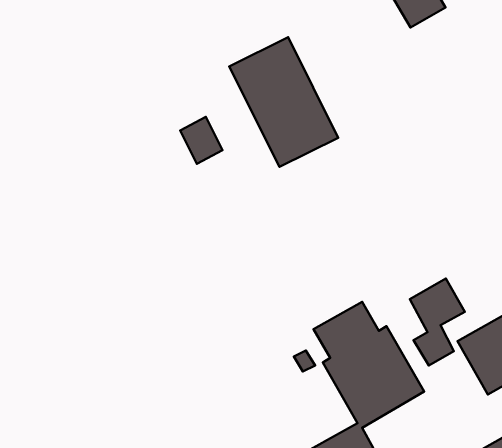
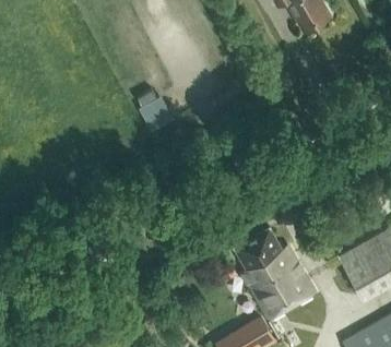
building: [229,37,338,167] -> none
building: [410,279,465,366] -> none

